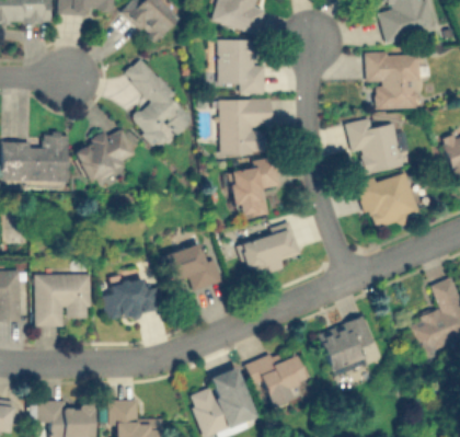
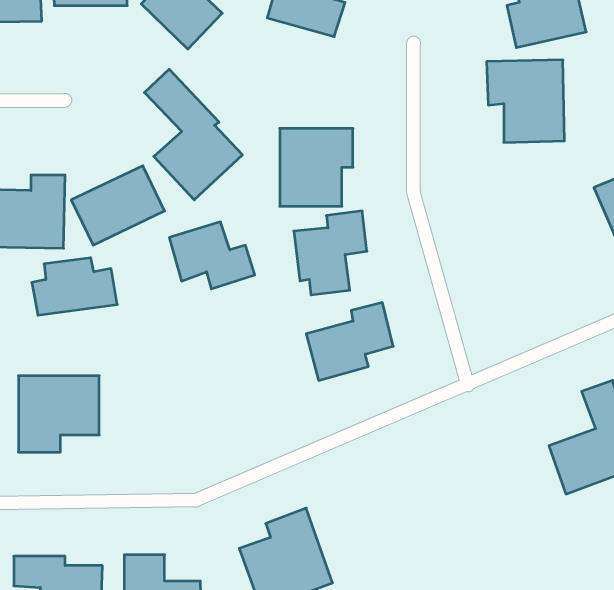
building: [218,39,264,93] -> none
building: [345,118,404,175] -> none
building: [357,172,419,230] -> none
building: [163,244,223,291] -> [169,222,255,289]
building: [102,279,162,320] -> [32,258,117,315]
building: [318,315,376,371] -> none
building: [245,354,309,407] -> none

